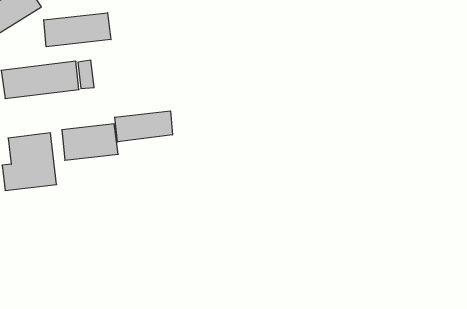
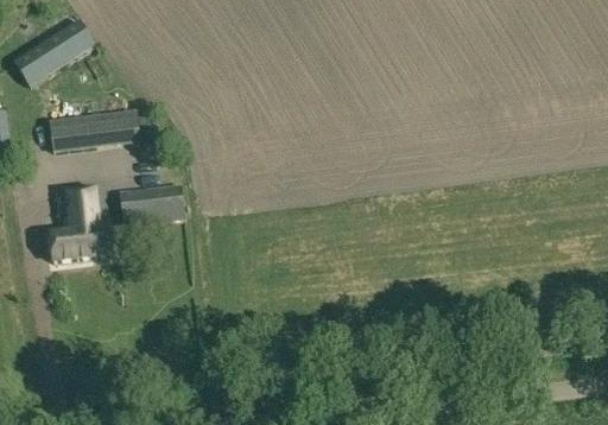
building: [44,13,111,47] -> none
building: [115,111,172,142] -> none

